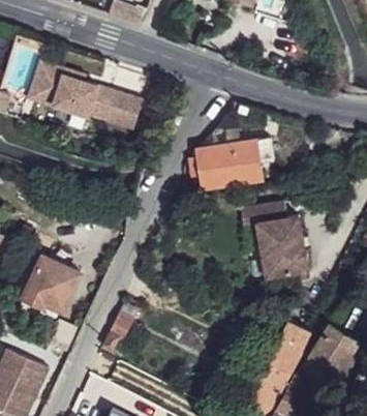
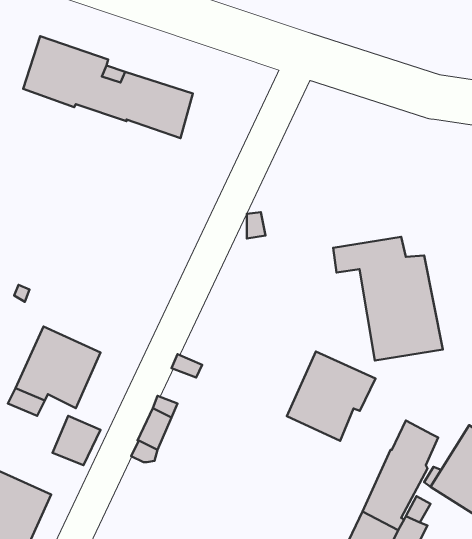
building: [186,137,273,189] -> none
building: none -> [287,351,375,441]

